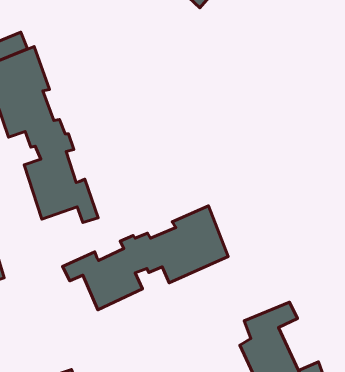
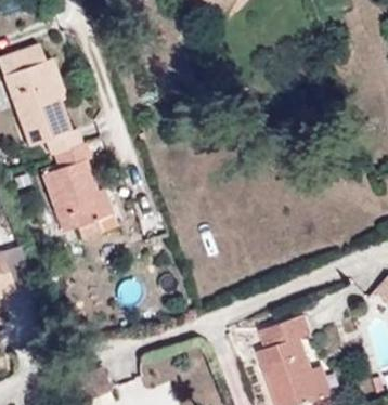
building: [63,206,228,310] -> none

